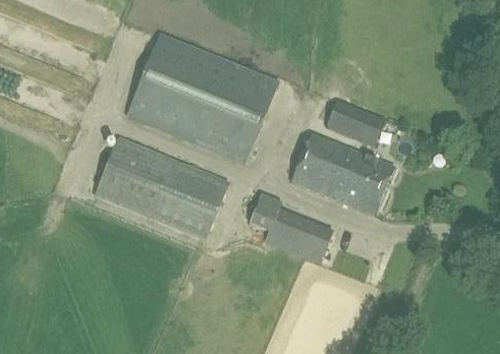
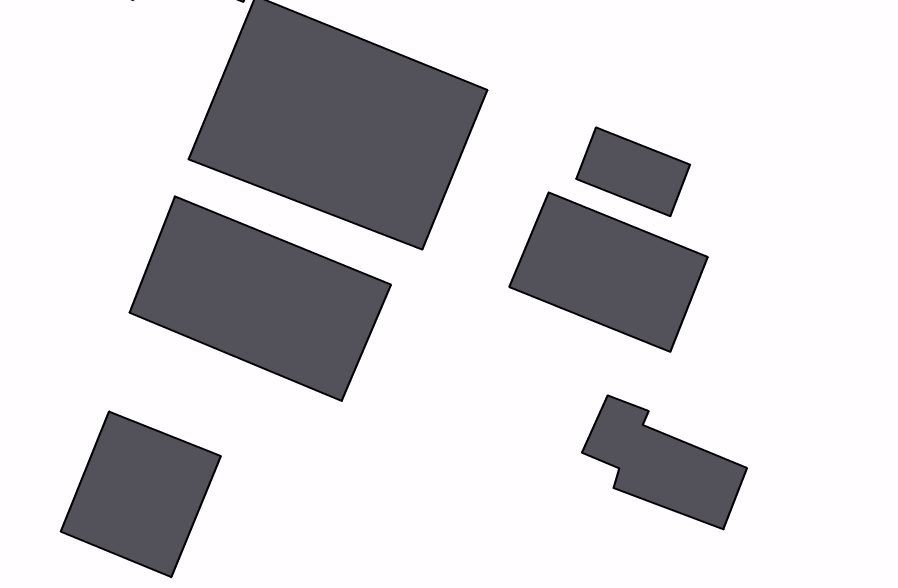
building: [247,193,333,262] -> [582,396,747,529]
building: none -> [61,411,221,577]

